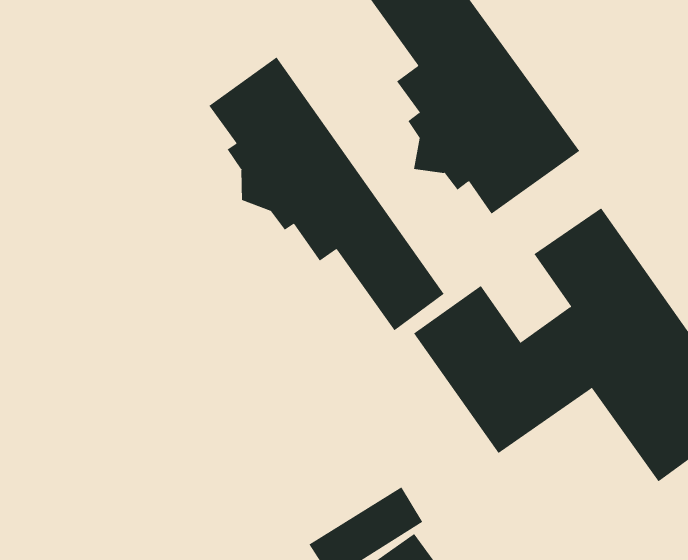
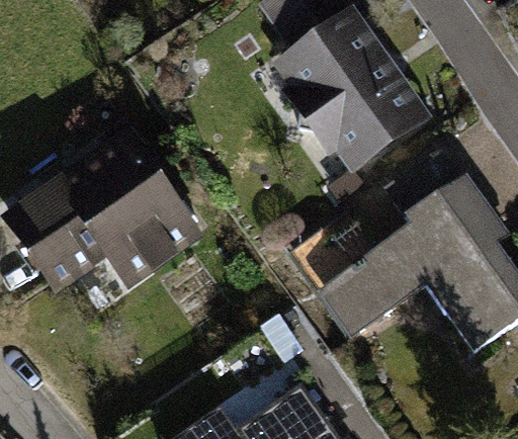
building: [208,56,444,331] -> none
building: none -> [15,148,195,291]

